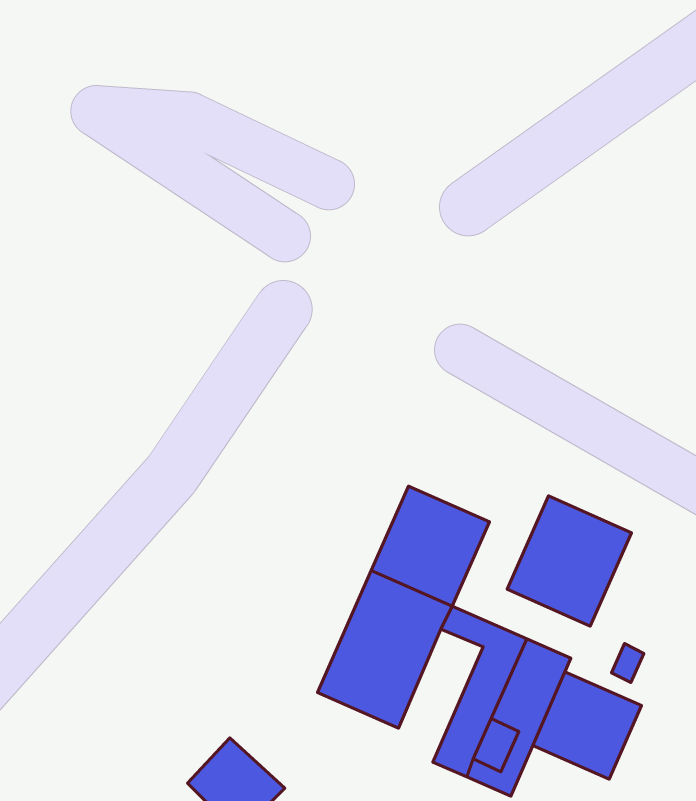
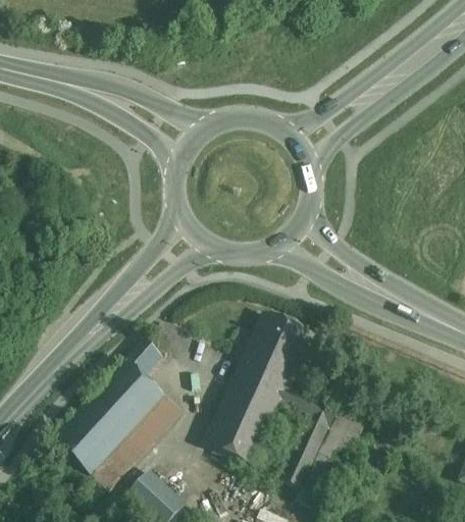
building: [507,496,631,626] -> none
building: none -> [56,340,179,487]
building: [533,672,641,779] -> none

